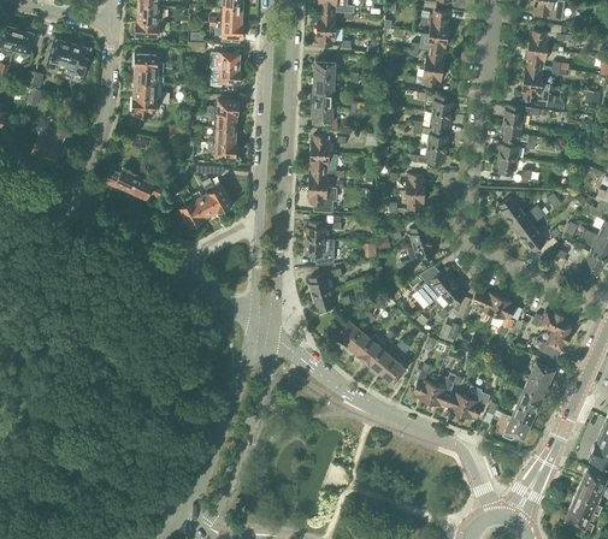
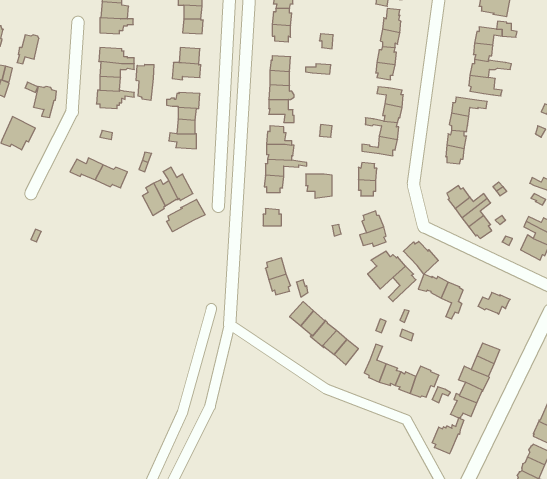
building: [66,42,90,75] -> [33,86,56,117]
building: none -> [136,64,154,100]
building: none -> [167,199,205,232]
building: [306,238,333,263] -> [306,174,332,198]
building: none -> [403,241,438,274]
building: [538,316,573,359] -> none
building: none -> [432,418,464,454]

